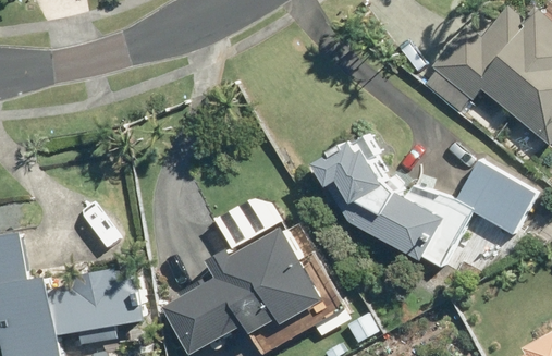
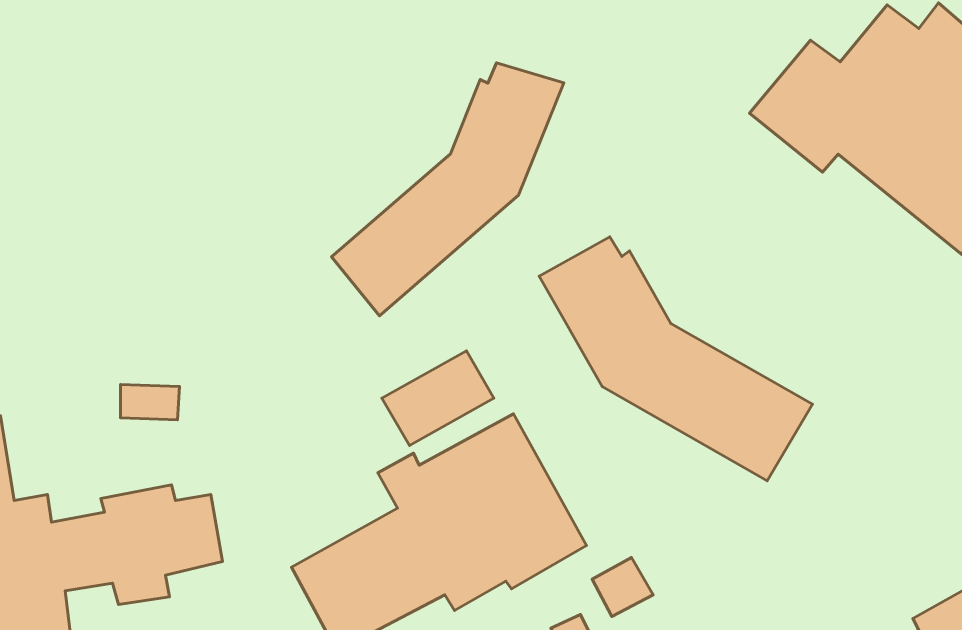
building: none -> [331,63,564,316]
building: [455,162,535,234] -> none

